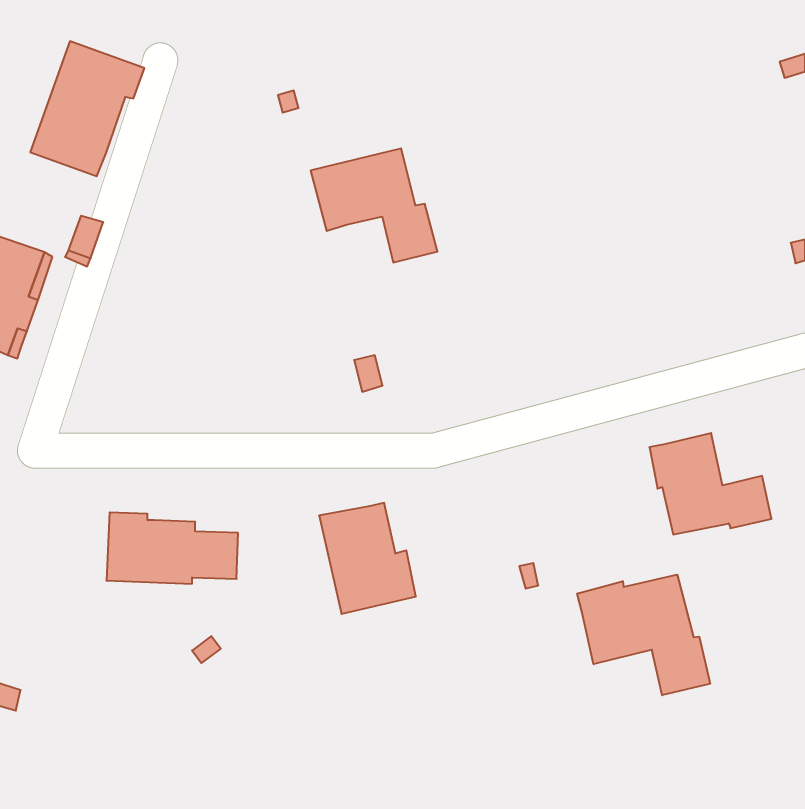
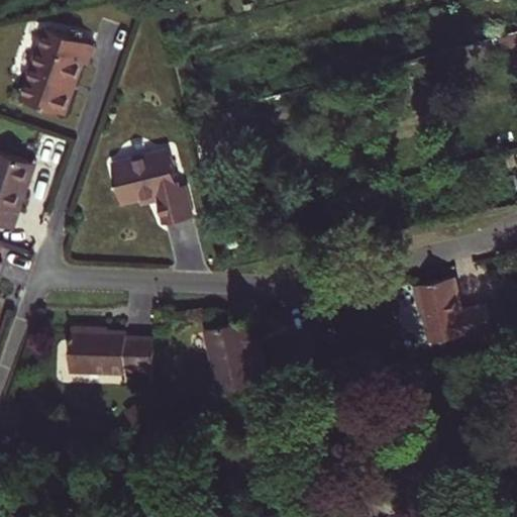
building: [311,148,438,263] -> [109,151,190,224]
building: [577,575,710,695] -> none

